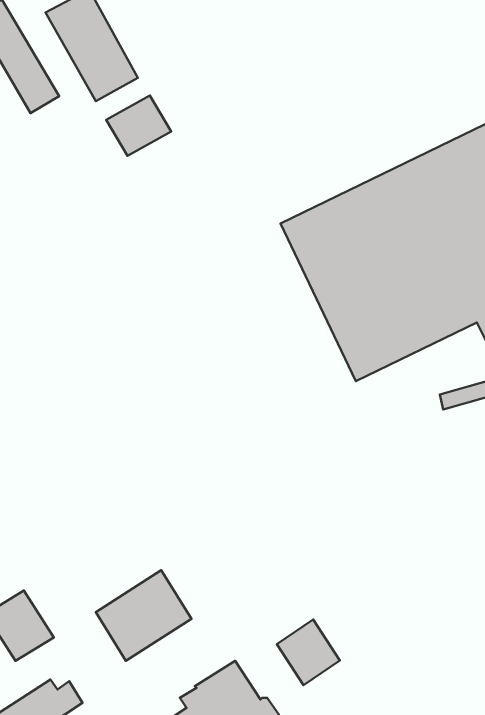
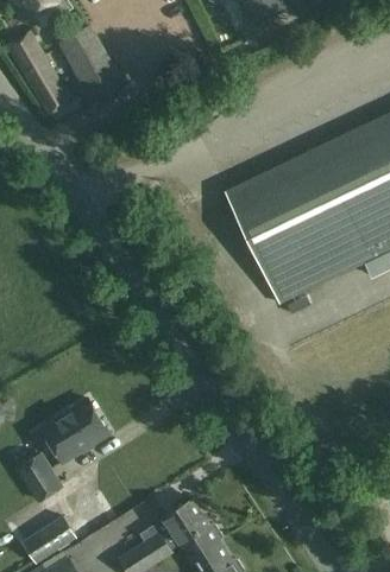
building: [106,95,171,156] -> none
building: [96,570,191,661] -> [42,400,109,464]
building: [277,619,340,685] -> none

